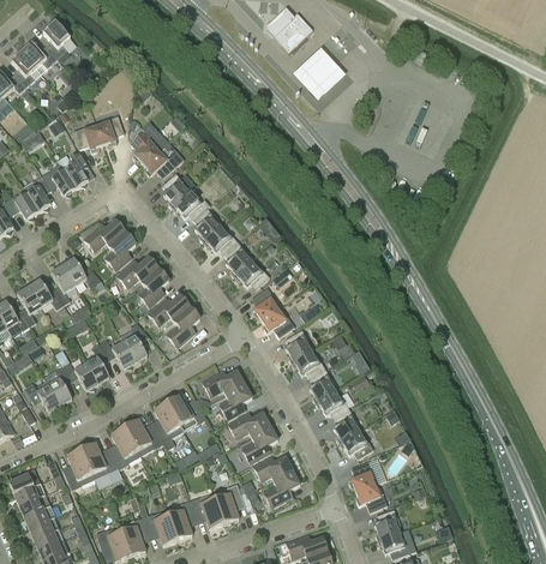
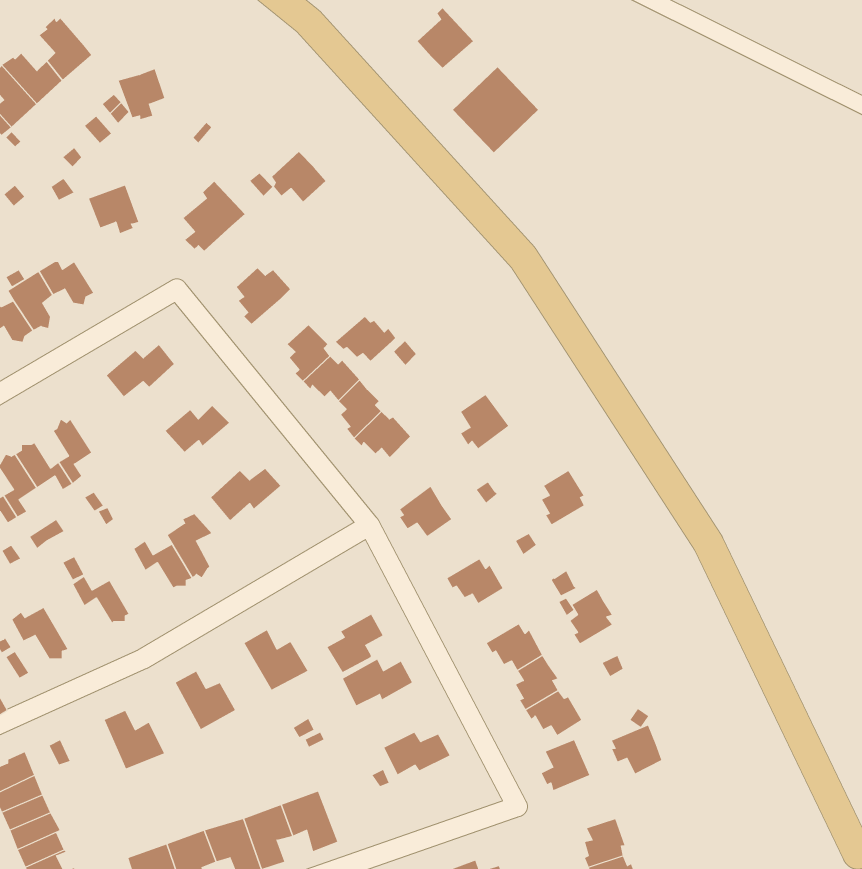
building: [95,115,124,146] -> [118,69,165,120]
building: [143,148,176,179] -> [271,151,326,202]
building: [64,152,89,188] -> none
building: [172,192,209,220] -> [335,316,396,361]
building: [104,232,136,270] -> none
building: [61,258,101,287] -> none
building: [137,268,168,306] -> none
building: [251,287,281,320] -> [460,394,509,449]
building: [166,306,199,347] -> none
building: [284,329,311,362] -> [541,470,585,525]
building: [84,344,109,384] -> none
building: [43,366,72,406] -> none
building: [308,368,335,402] -> [570,589,613,644]
building: [202,370,245,395] -> none
building: [152,402,184,449] -> none
building: [109,426,140,469] -> none
building: [240,426,277,464] -> none
building: [64,449,95,490] -> none
building: [265,470,300,506] -> none
building: [355,482,386,512] -> [611,725,662,774]
building: [212,484,244,523] -> none

